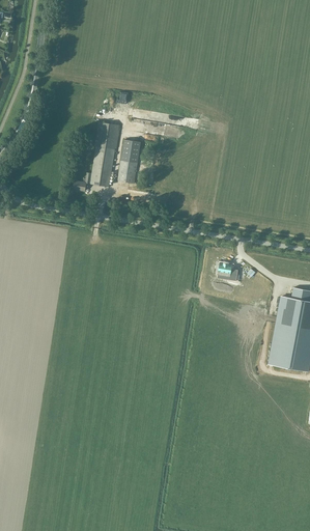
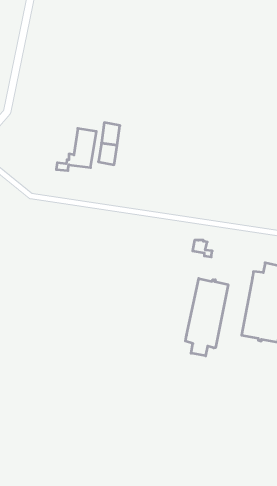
building: [94,122,120,148] -> none
building: none -> [185,278,228,356]

